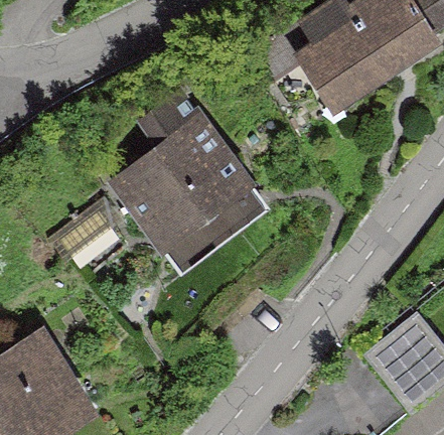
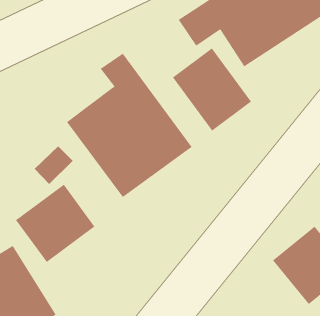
building: none -> [172,47,252,131]
building: none -> [15,184,95,263]

